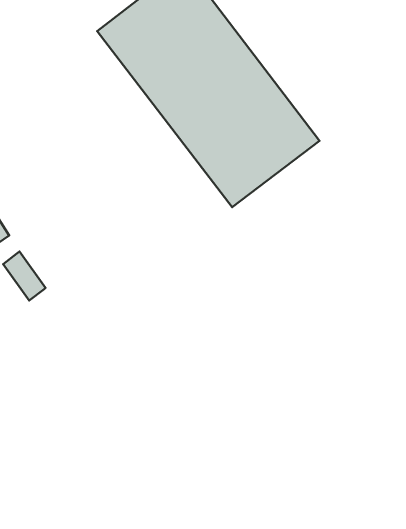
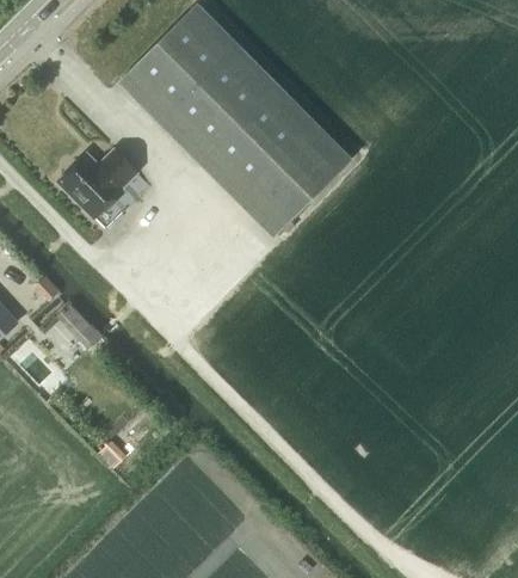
building: none -> [60,150,137,219]

